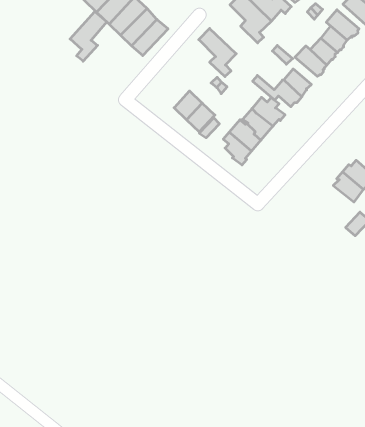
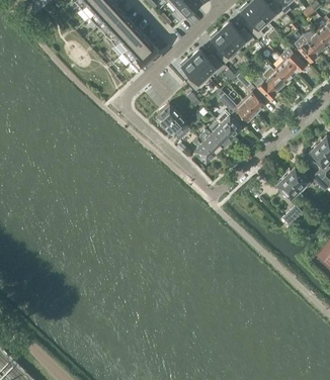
building: [70,11,107,61] -> none
building: none -> [188,48,224,77]

